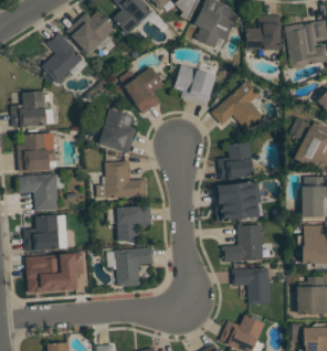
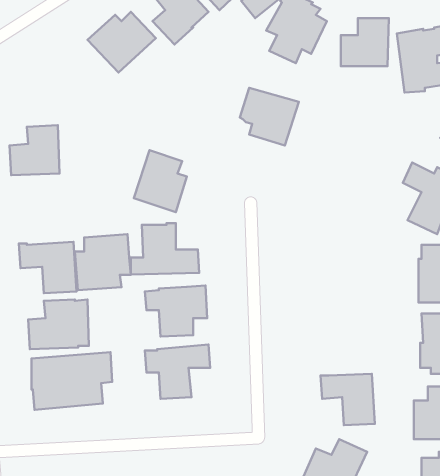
building: [42,31,83,83] -> none
building: [119,66,164,114] -> none
building: [211,81,263,130] -> none
building: [17,132,56,172] -> [75,234,131,290]
building: [219,142,254,180] -> none
building: [215,181,262,222] -> none
building: [224,225,263,262] -> none

